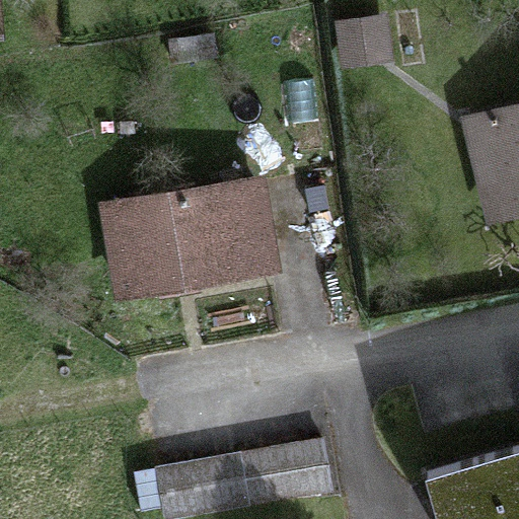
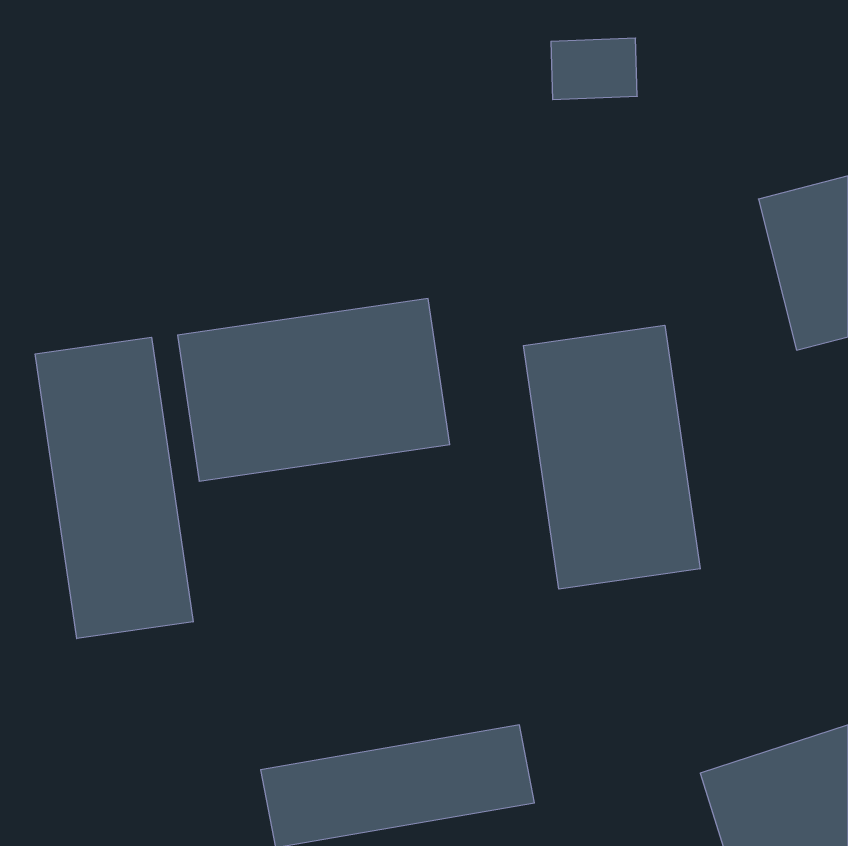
building: none -> [523,325,700,589]
building: none -> [35,337,193,639]

